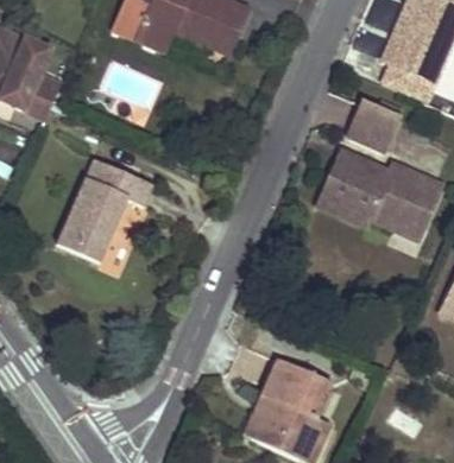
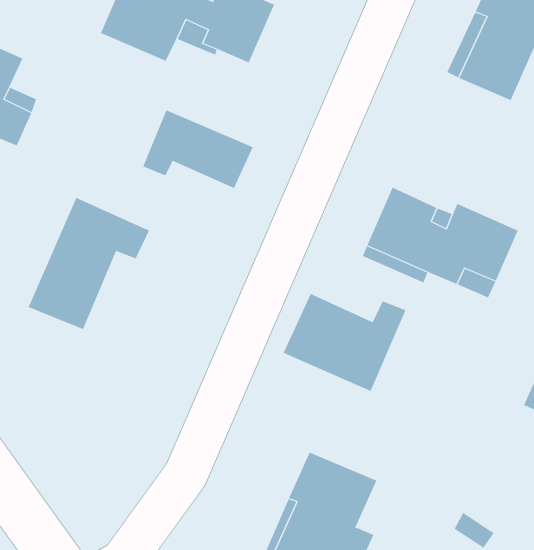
building: none -> [142,109,254,189]
building: [349,100,398,147] -> none
building: none -> [283,293,406,392]

